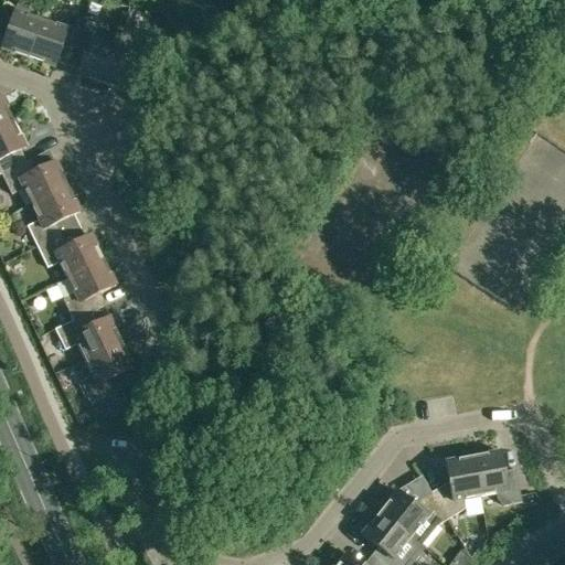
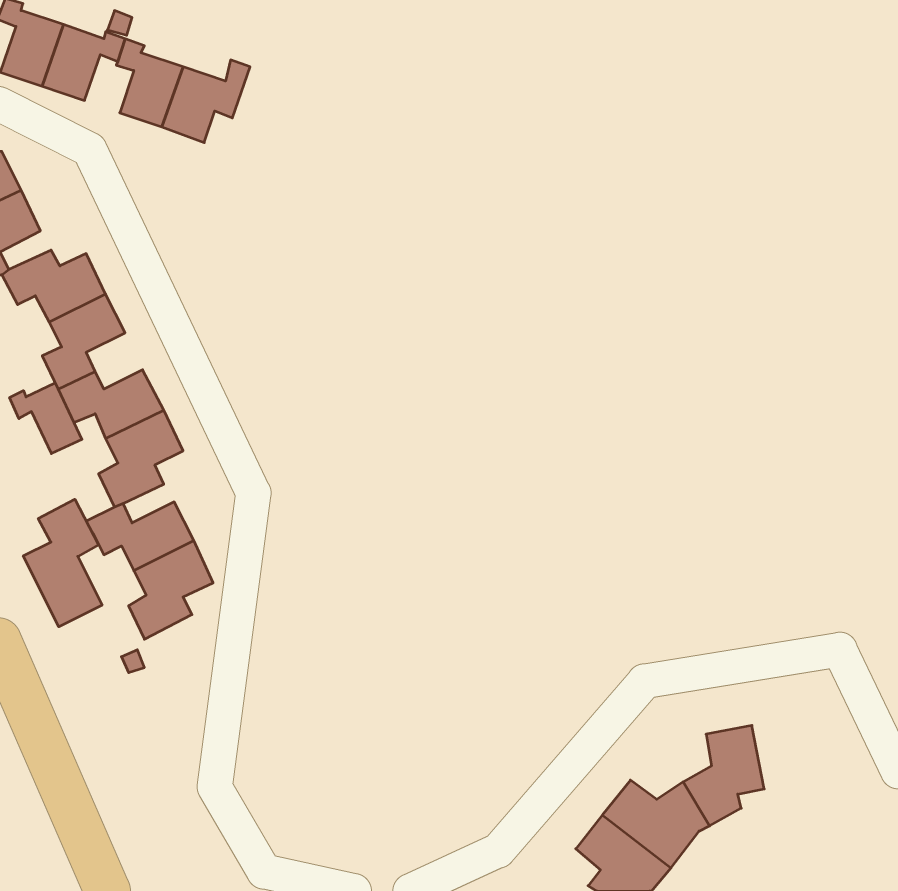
building: none -> [10,383,82,454]
building: none -> [23,499,102,627]
building: [471,449,520,502] -> none

